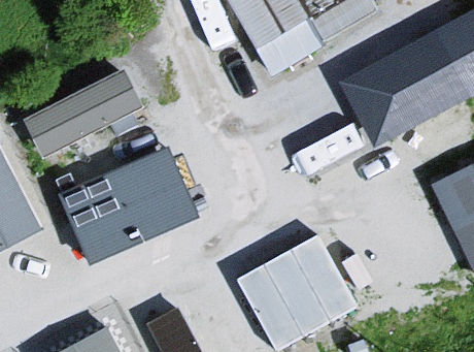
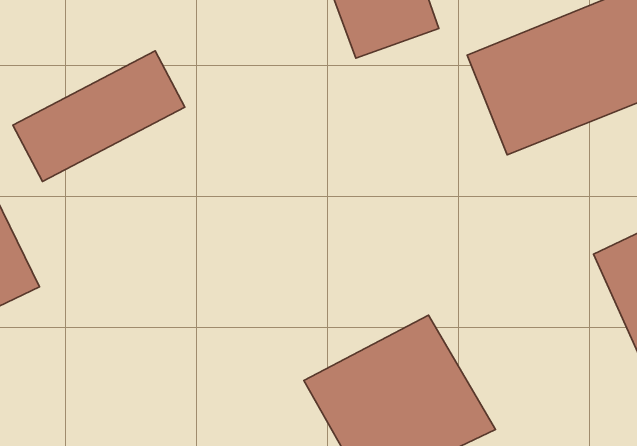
building: [62,147,201,263] -> none

